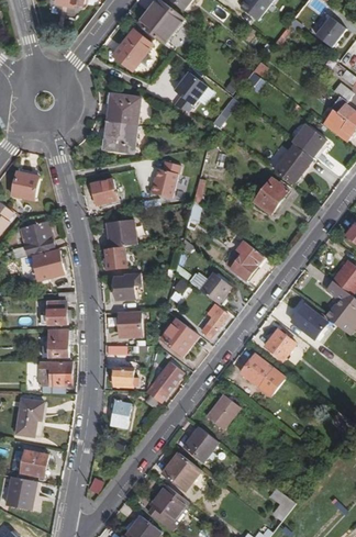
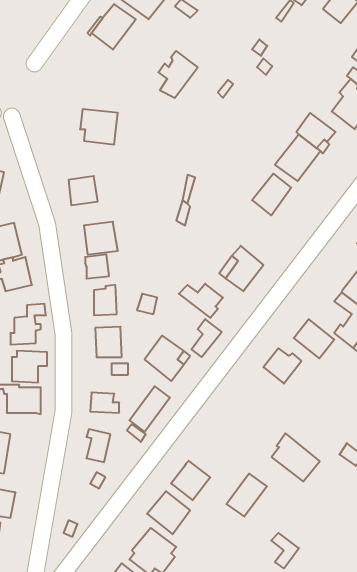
building: [107,94,141,125] -> none
building: [151,161,180,198] -> none
building: [242,353,283,394] -> [272,433,320,481]
building: [202,396,237,434] -> [226,474,267,517]

